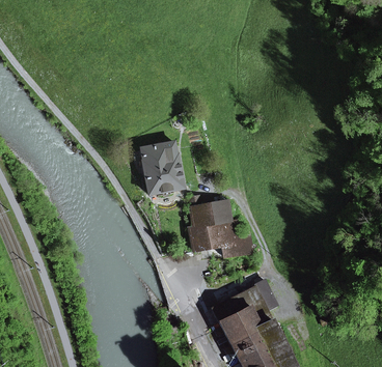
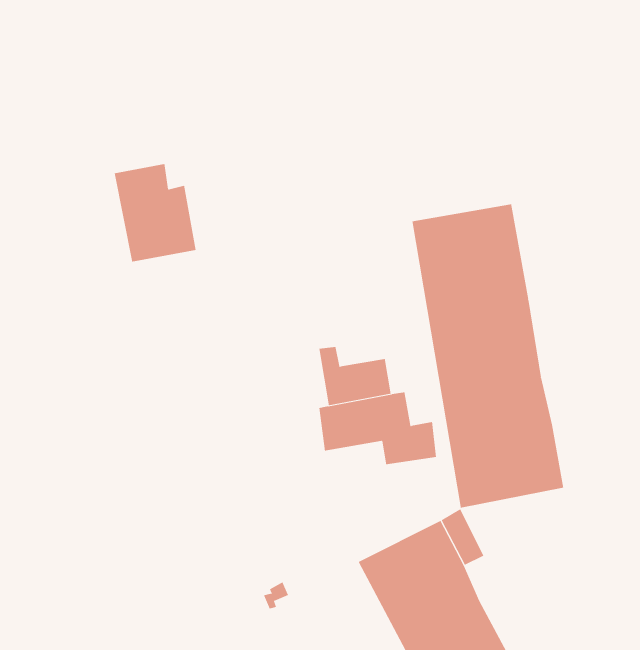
building: none -> [412,204,564,508]
building: [138,142,182,194] -> [114,163,197,262]

